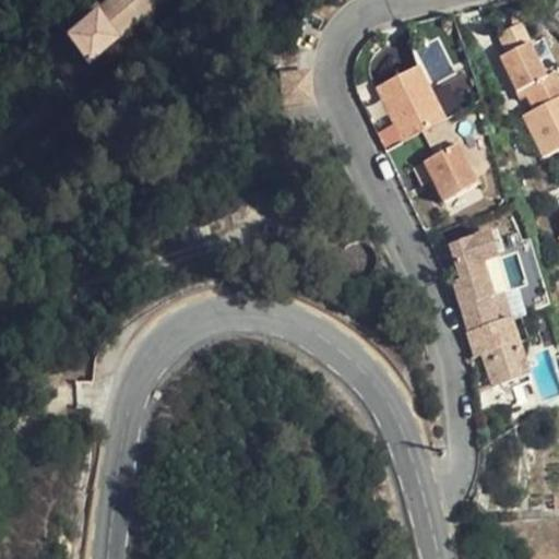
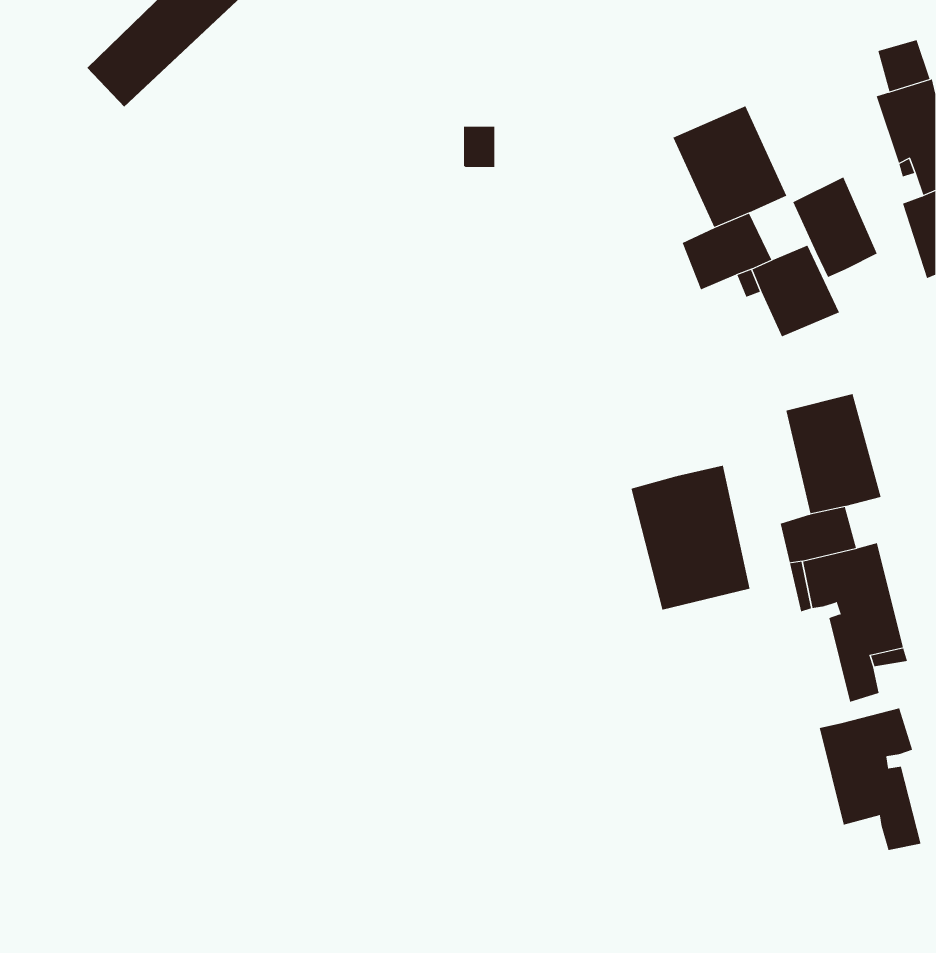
building: none -> [793,176,878,278]
building: none -> [631,465,750,610]
building: none -> [819,707,921,851]

